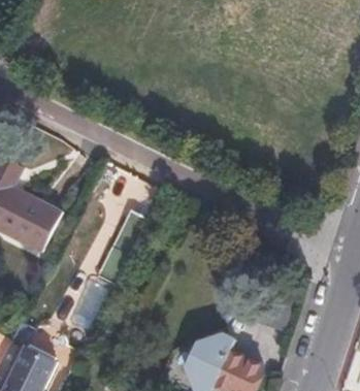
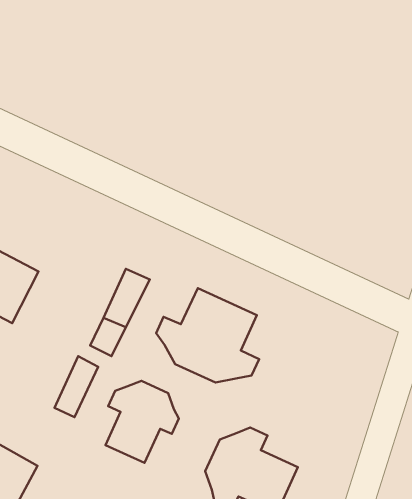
building: none -> [156,288,259,383]
building: none -> [105,381,179,463]

